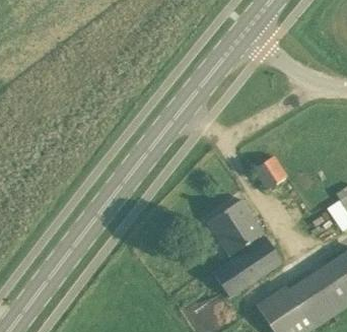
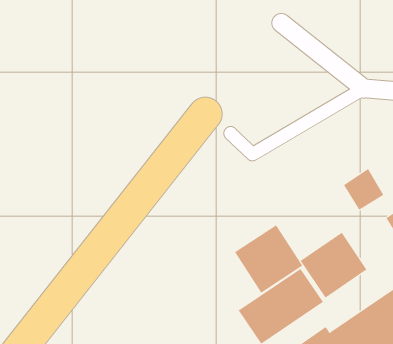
building: [253,155,287,191] -> [343,168,384,211]
building: none -> [300,232,367,298]

